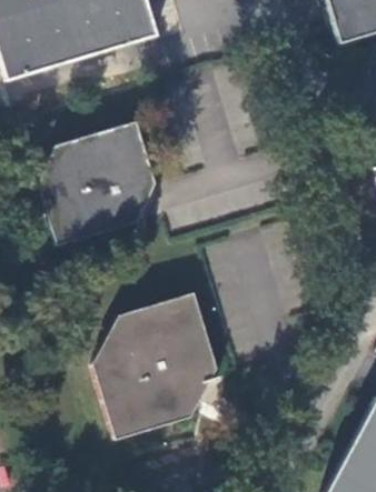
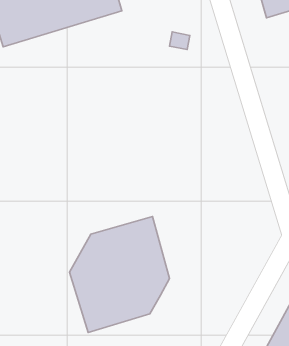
building: [38,122,156,243] -> none

